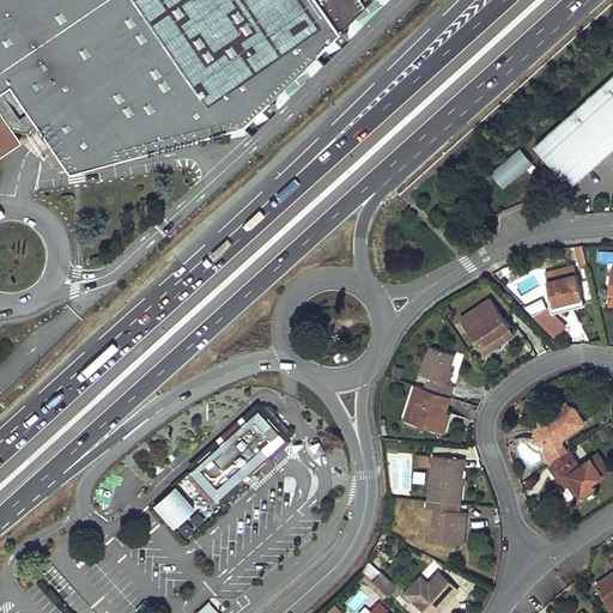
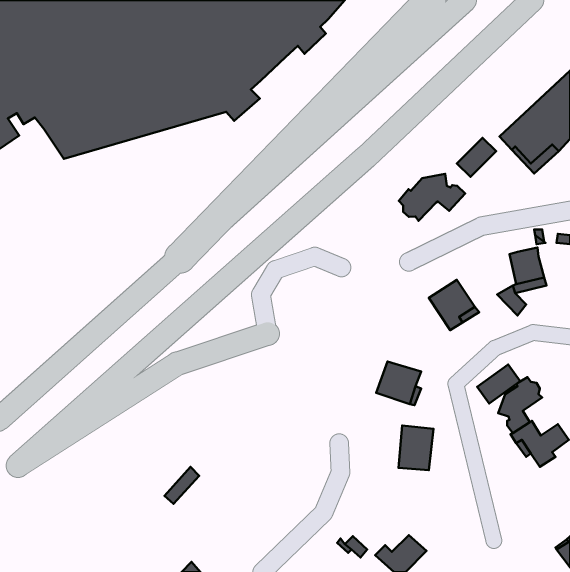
building: none -> [399,174,465,221]
building: [419,346,454,397] -> none
building: none -> [477,364,520,403]
building: [187,403,287,499] -> none
building: [153,486,192,524] -> none
building: [424,499,459,545] -> none

